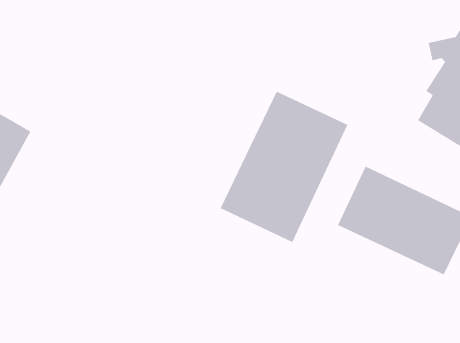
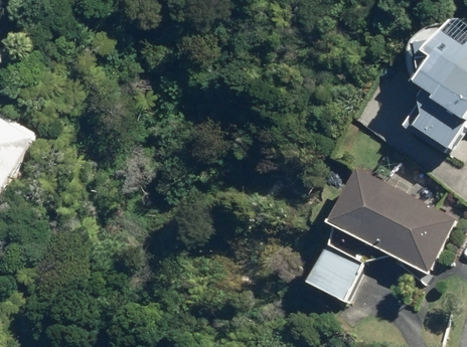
building: [220,91,348,243] -> none
building: none -> [308,242,365,300]

